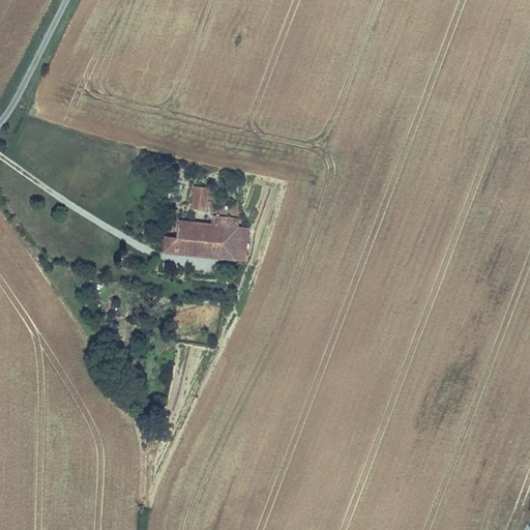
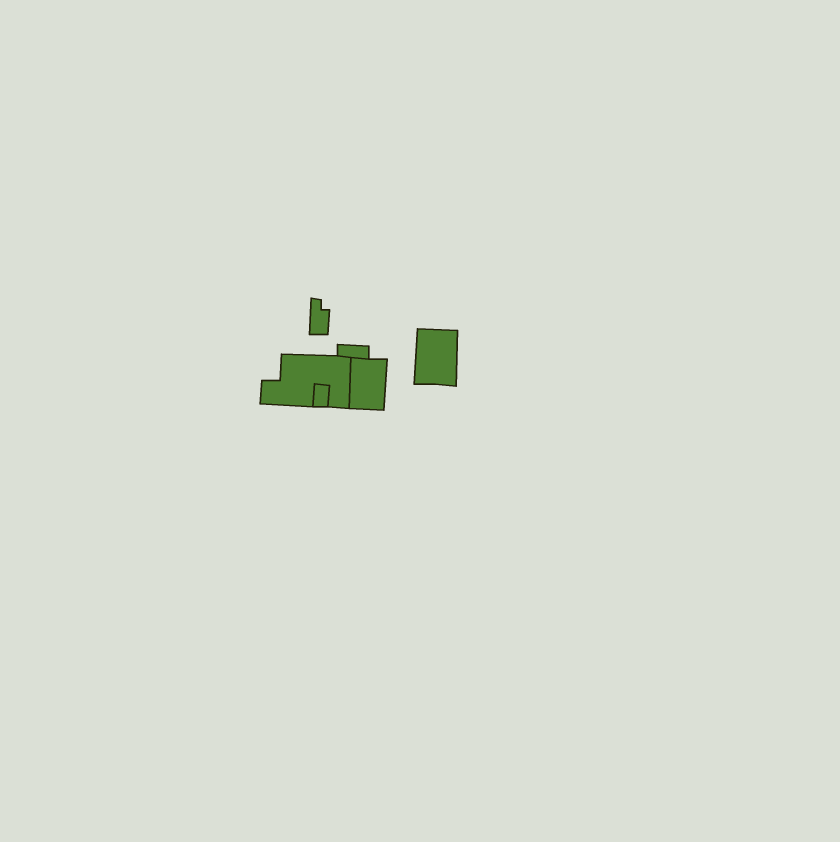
building: none -> [414,329,457,386]

